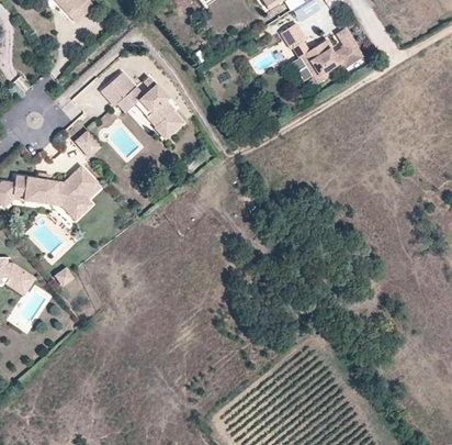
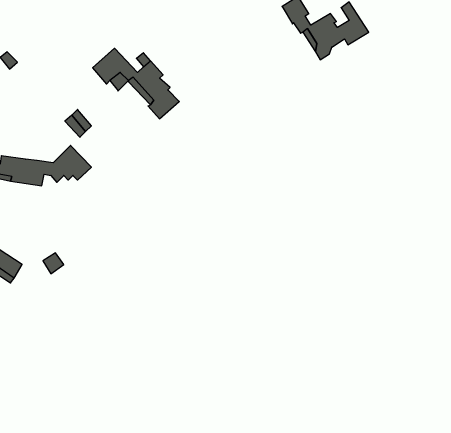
building: [53,192,91,219] -> none

